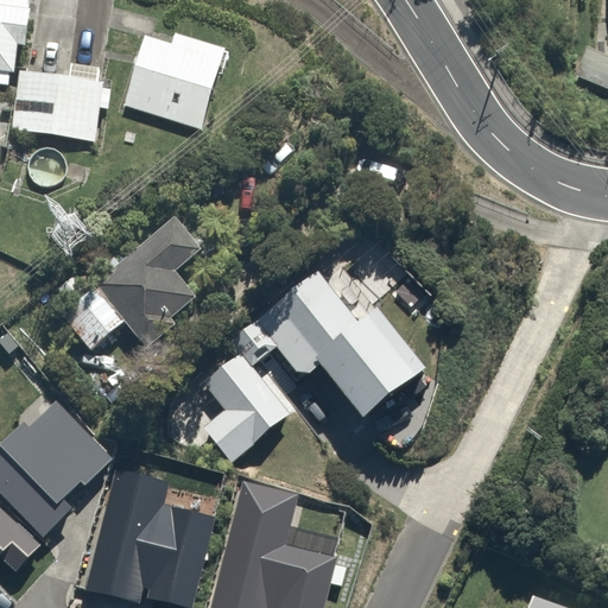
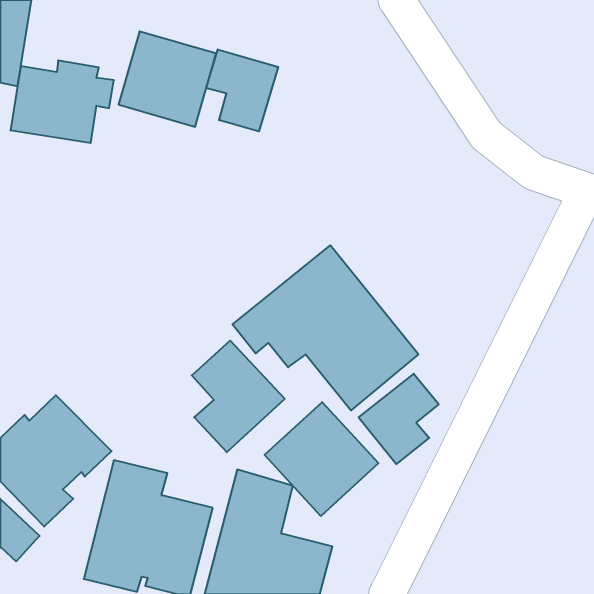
building: none -> [206,49,278,131]
building: [57,209,204,348] -> none
building: none -> [359,374,439,464]
building: none -> [265,402,378,516]

